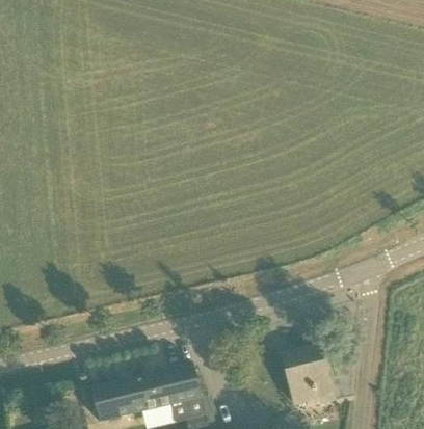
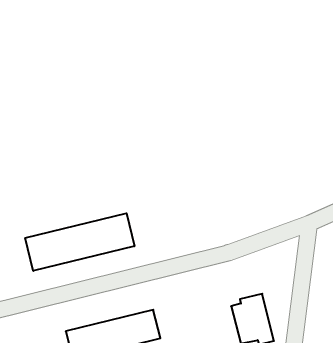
building: none -> [25,213,134,271]

